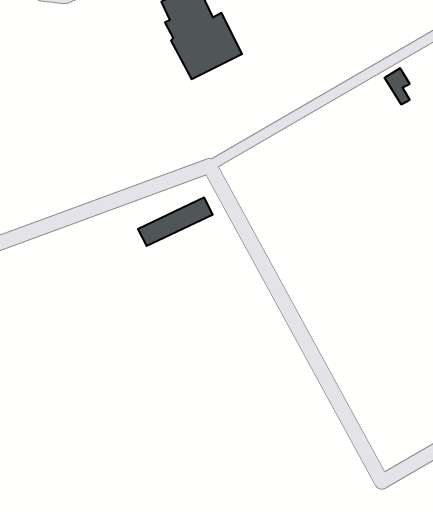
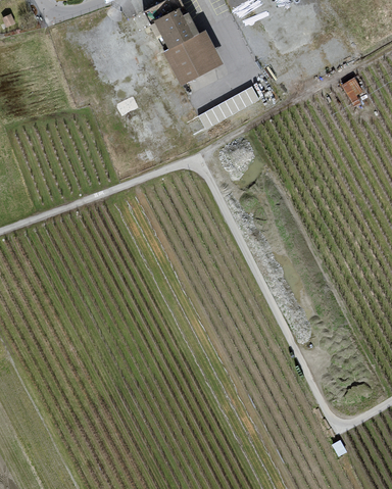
building: [138,198,213,246] -> [200,84,263,125]

